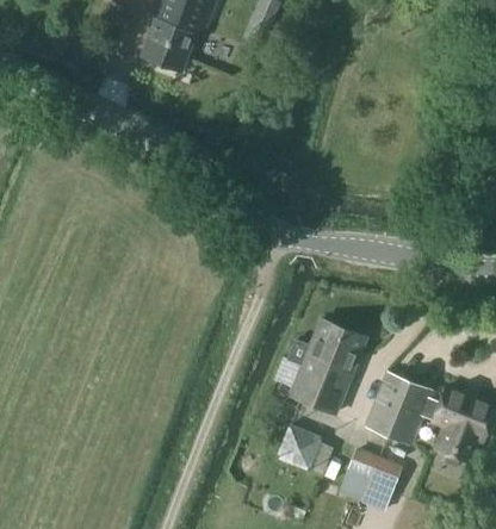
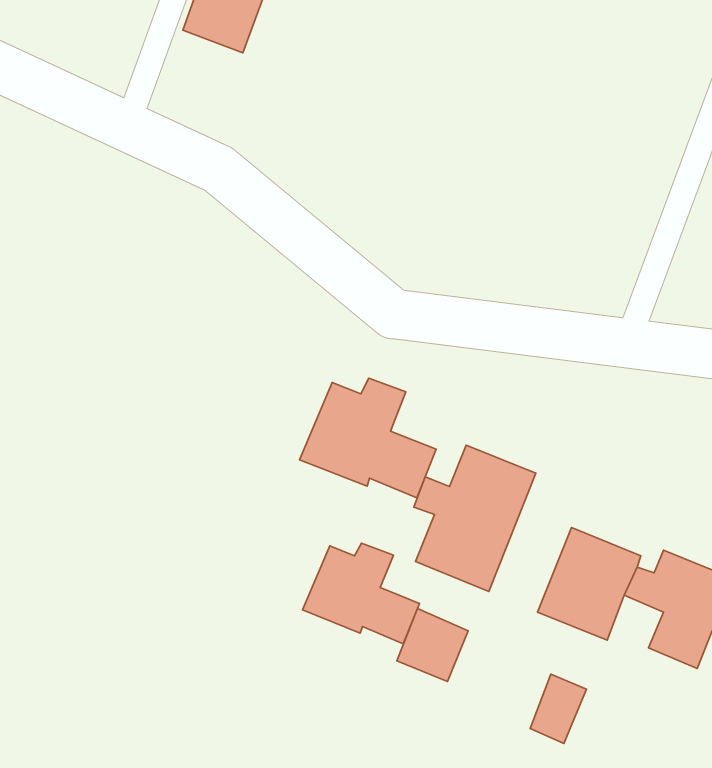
building: none -> [300,378,436,498]
building: none -> [302,543,419,644]
building: [341,456,376,499] -> none

